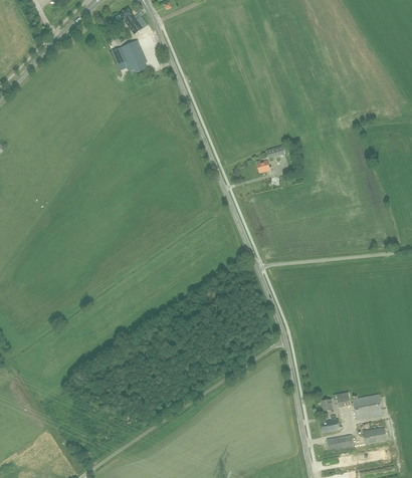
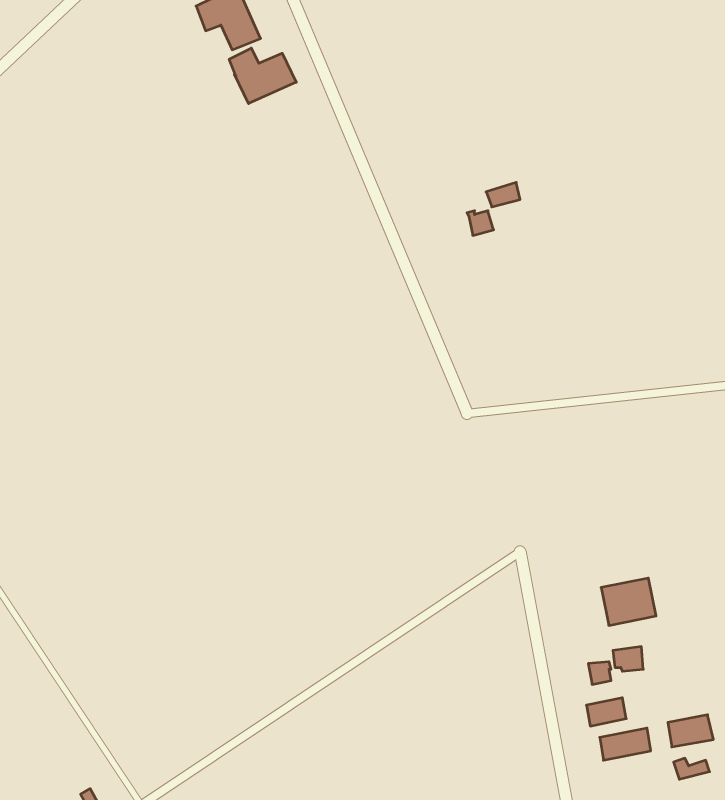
building: none -> [229,48,296,104]
building: [353,394,382,419] -> [601,578,656,625]

